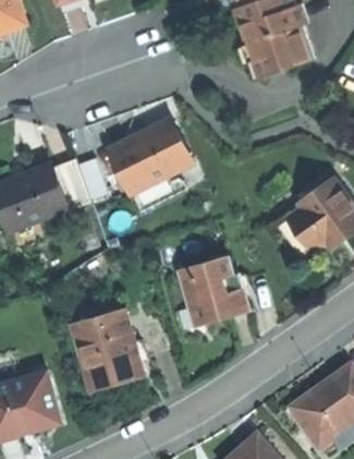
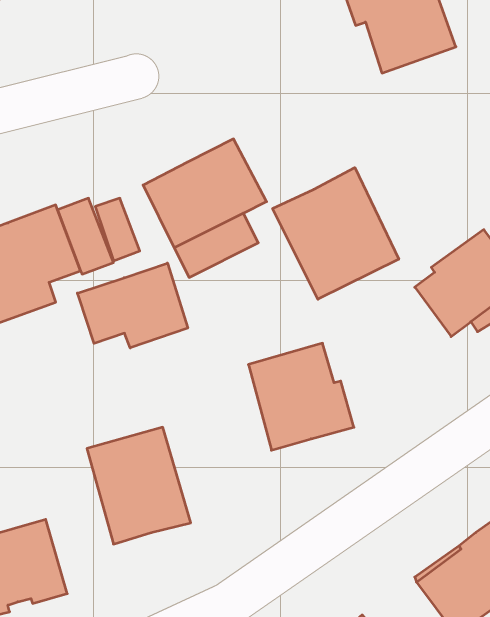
building: none -> [273,168,399,299]
building: none -> [77,263,188,348]

